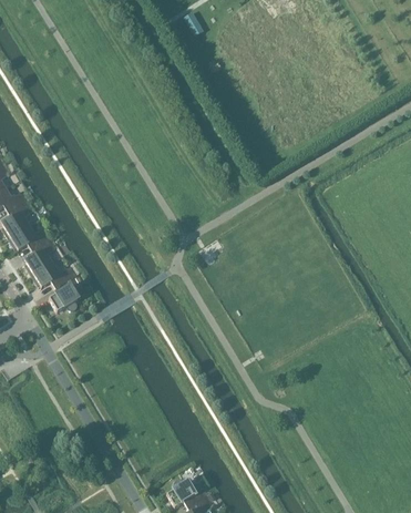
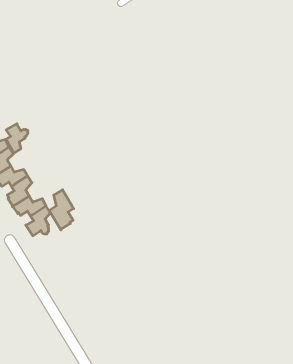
building: none -> [5,124,28,153]
building: none -> [49,190,74,230]

